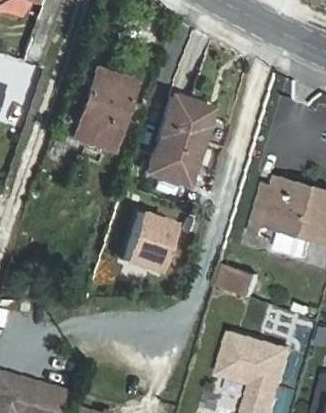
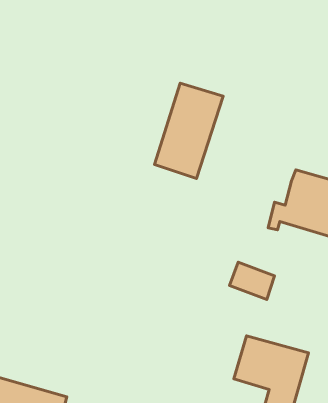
building: [72,69,134,150] -> none
building: [119,211,173,272] -> none

